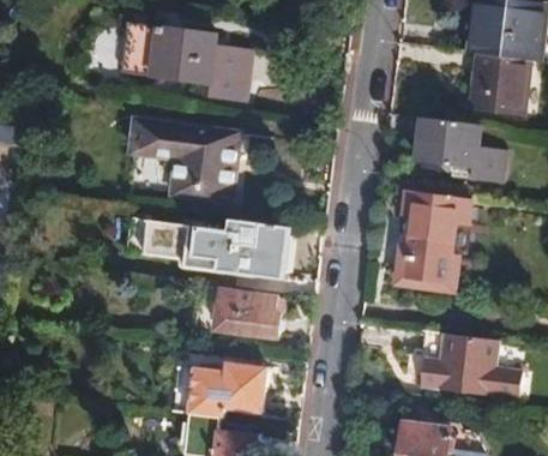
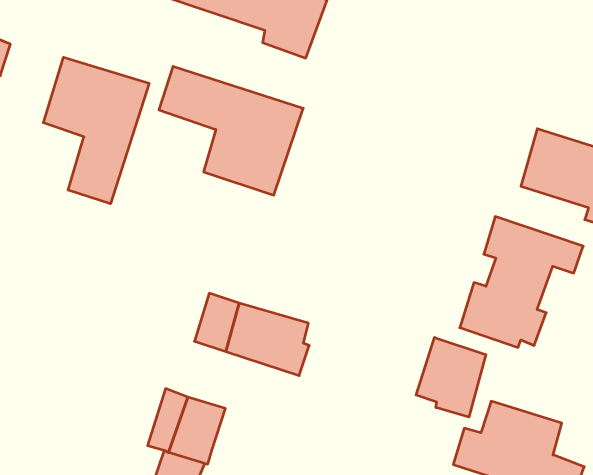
building: none -> [43,57,149,204]
building: [140,212,290,278] -> none
building: none -> [416,337,486,417]
building: [221,361,265,409] -> none

